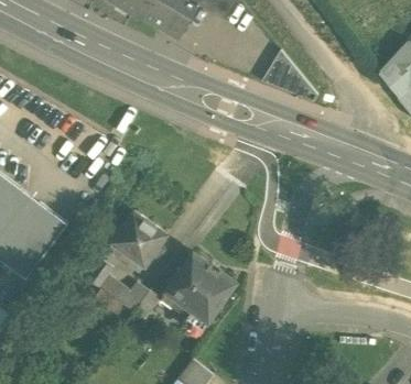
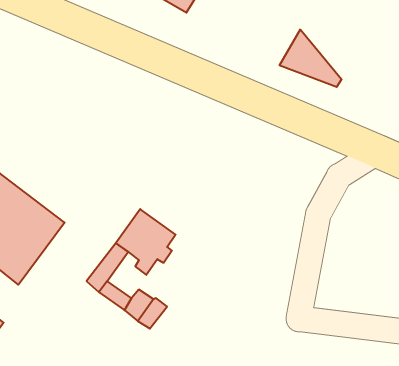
building: [165,253,234,332] -> none

